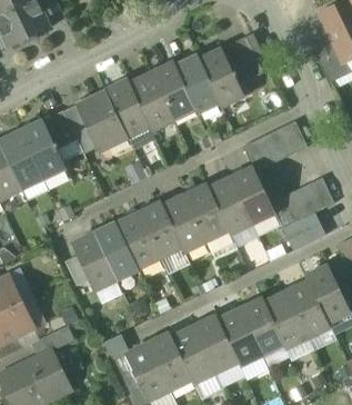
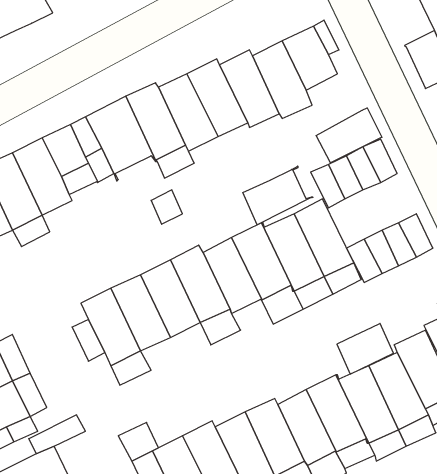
building: none -> [316,108,382,163]
building: none -> [243,166,313,225]
building: [282,211,324,249] -> [337,323,393,374]

